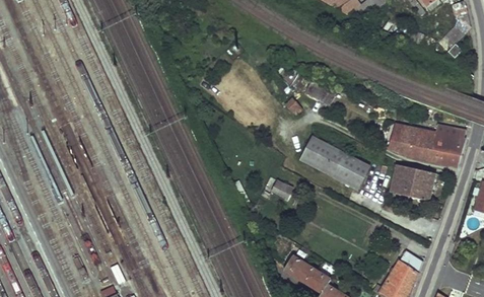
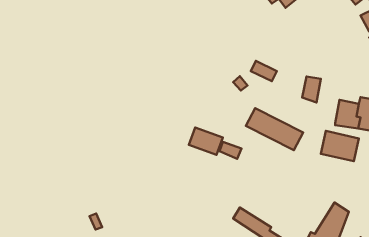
building: [390,124,412,155] -> [302,76,321,102]
building: none -> [189,128,223,155]

